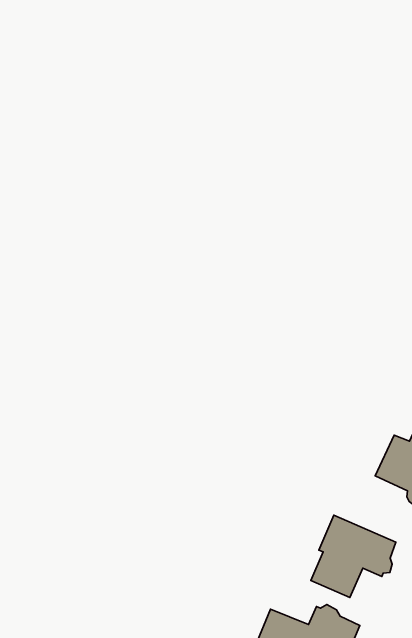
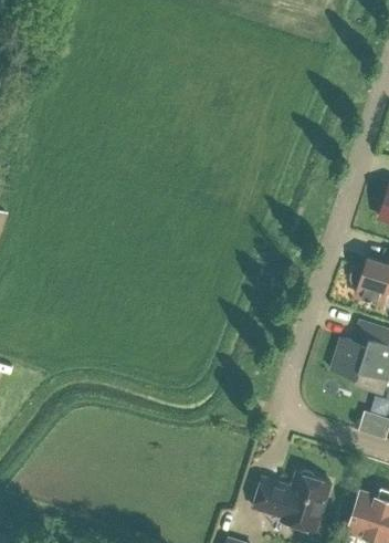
building: [311,515,396,598] -> none

